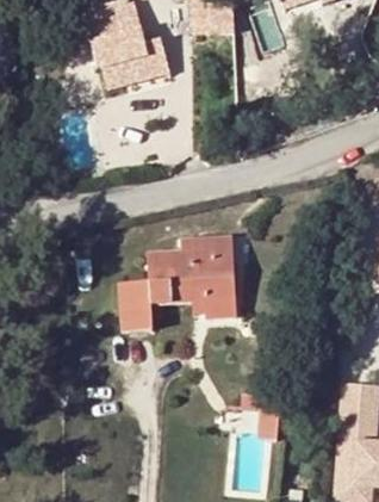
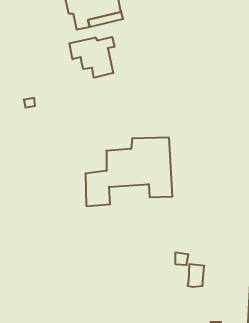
building: none -> [69,37,115,78]

